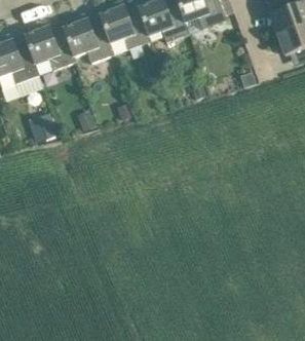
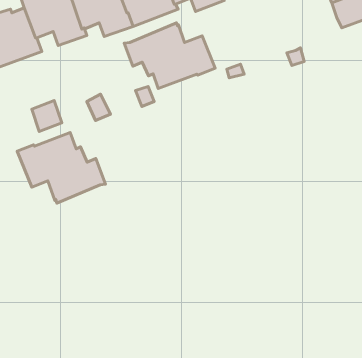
building: none -> [124,23,215,89]
building: none -> [17,133,106,203]

